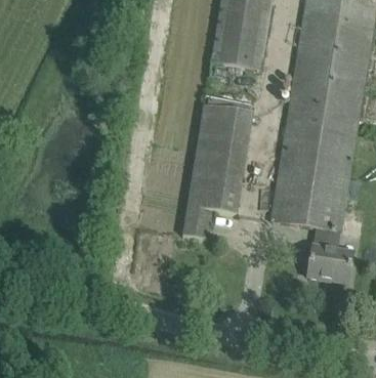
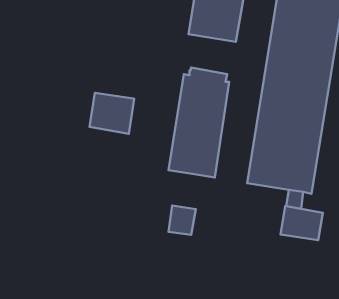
building: none -> [90,93,134,134]
building: [182,206,212,238] -> [168,205,196,235]

